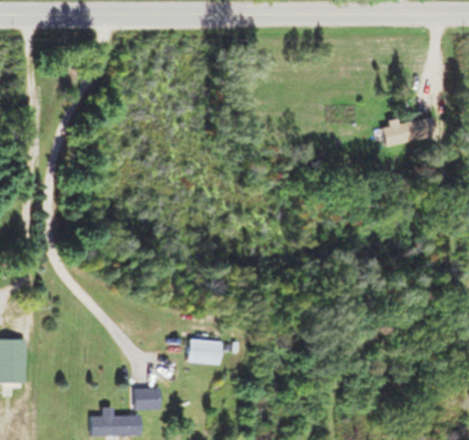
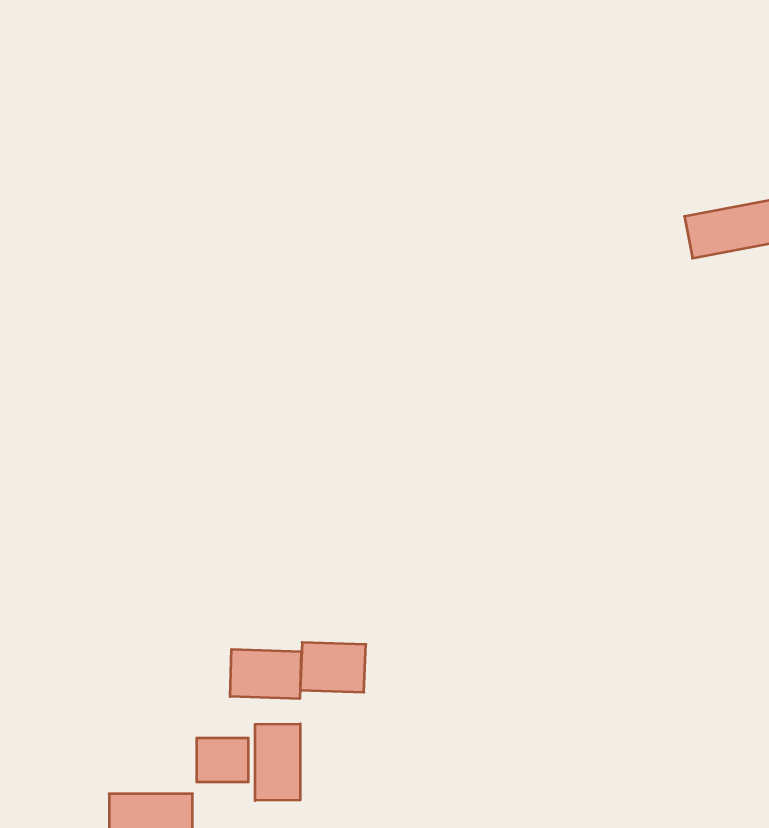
building: none -> [230,649,301,699]
building: none -> [255,724,300,801]

